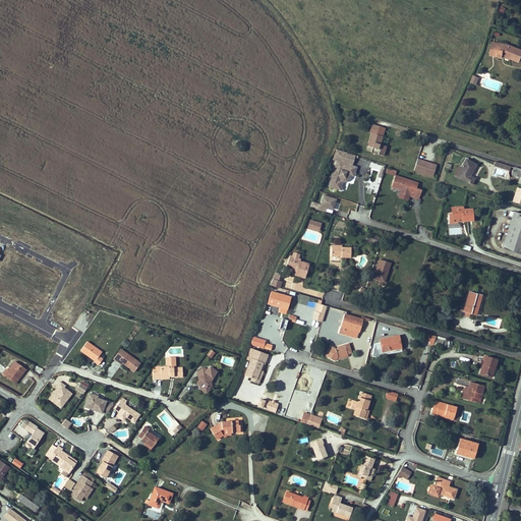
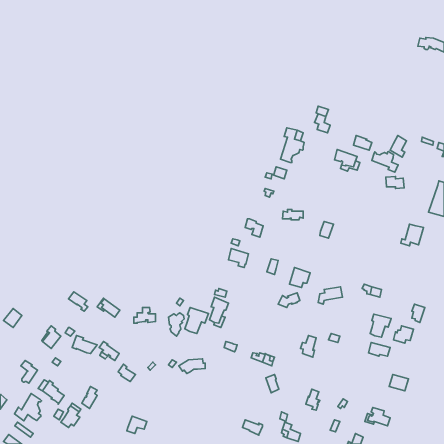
building: none -> [372,152,398,172]
building: [459,292,485,317] -> [401,224,424,246]
building: none -> [185,308,209,334]
building: none -> [370,314,391,337]
building: none -> [15,393,42,421]

